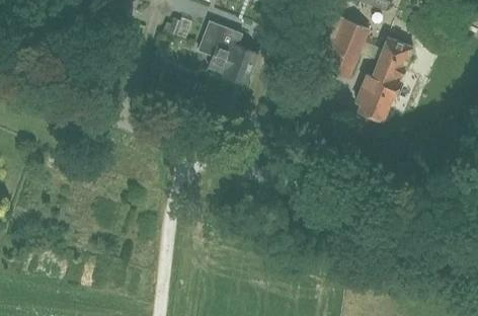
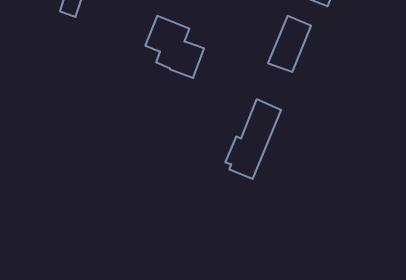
building: [355,36,413,118] -> [225,99,281,179]

